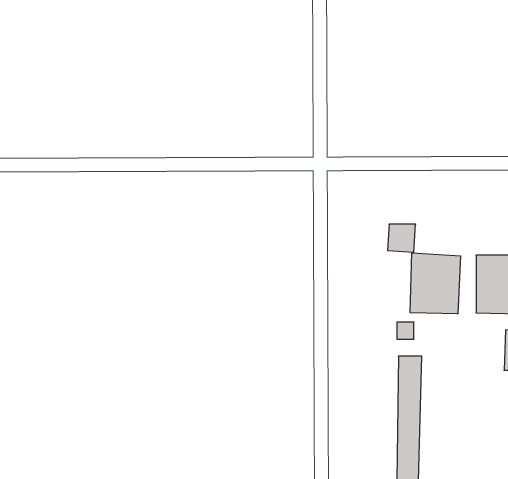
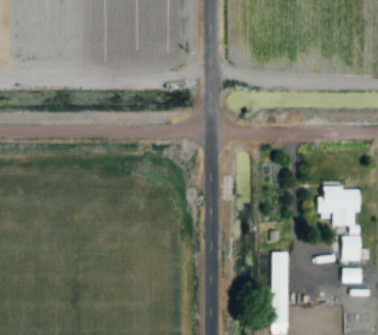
building: [410,253,460,314] -> none

